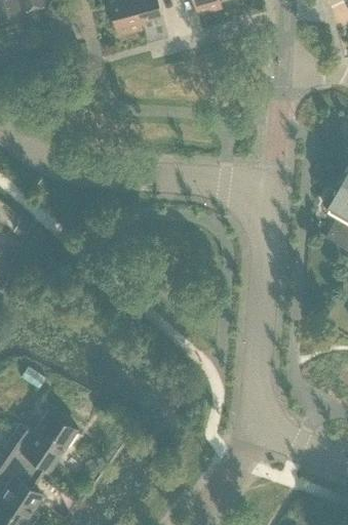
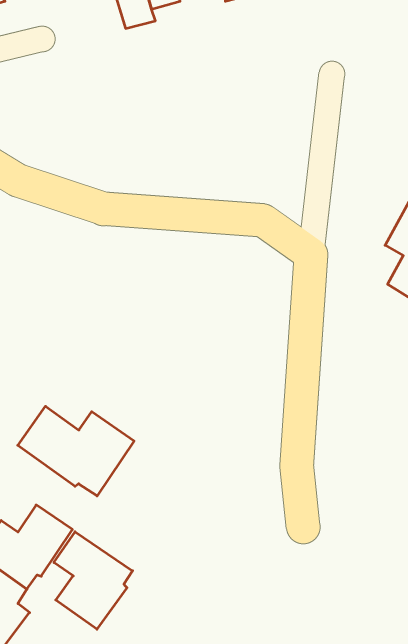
building: none -> [18,406,134,496]
building: none -> [54,532,133,629]

